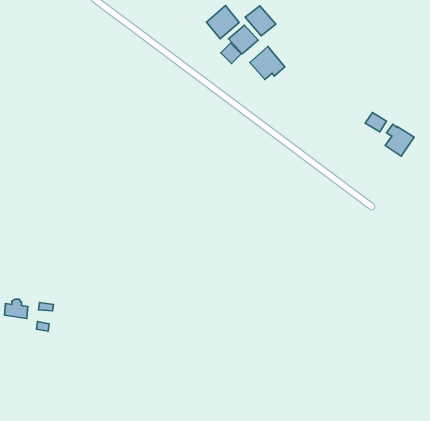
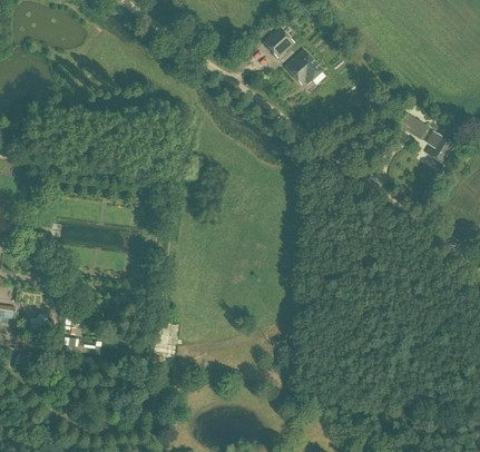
building: [207,6,239,39] -> none
building: [245,6,276,36] -> none

